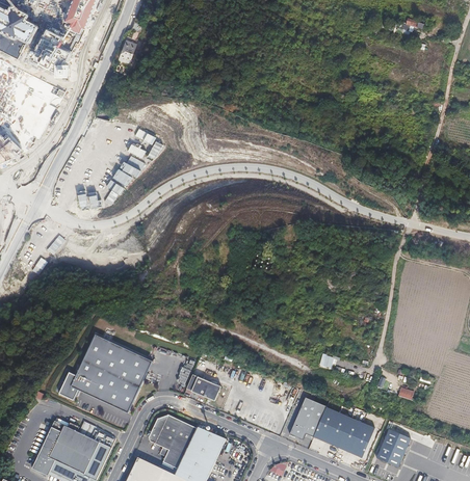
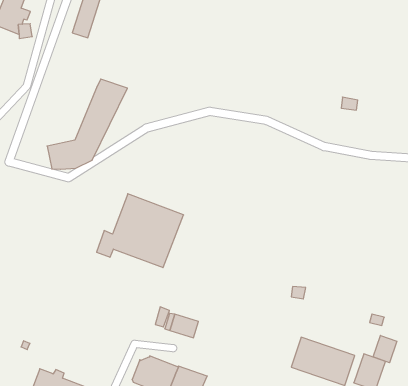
building: [60,333,153,412] -> [97,194,184,268]
building: [287,397,325,439] -> none
building: none -> [373,335,397,363]

